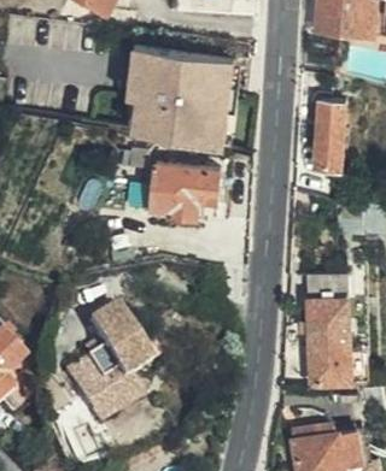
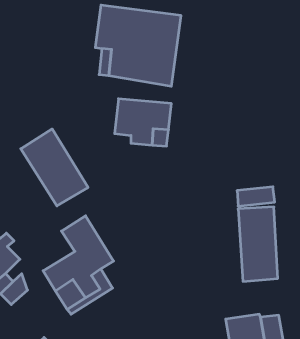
building: [322,110,349,169] -> none
building: none -> [21,129,88,206]

